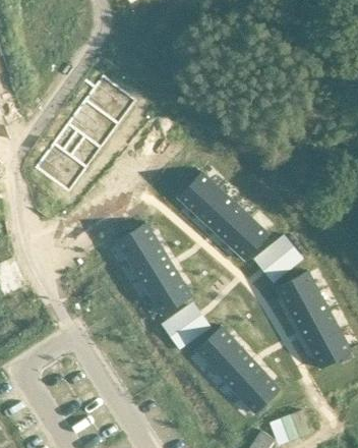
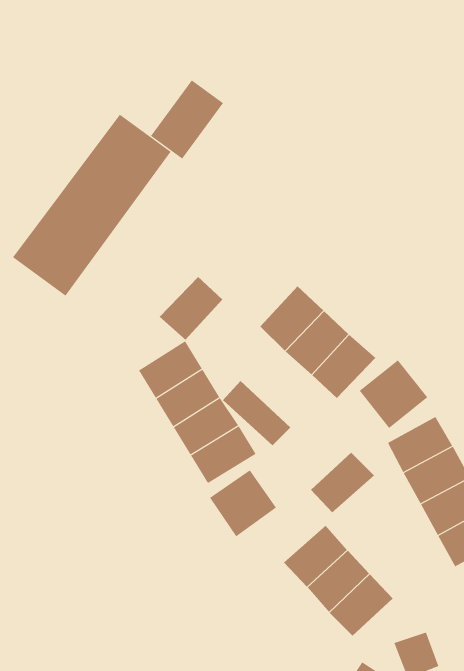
building: none -> [150,80,224,160]
building: [176,171,218,213] -> [159,276,223,341]
building: none -> [222,380,291,446]
building: [194,326,236,366] -> [310,452,375,513]

